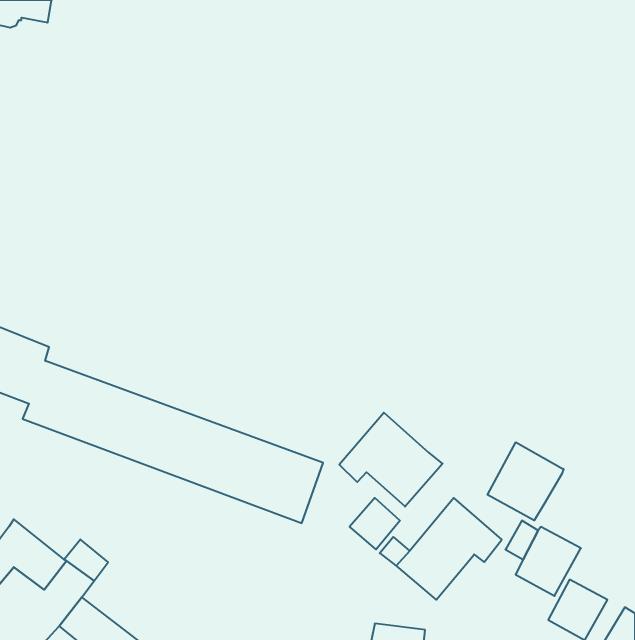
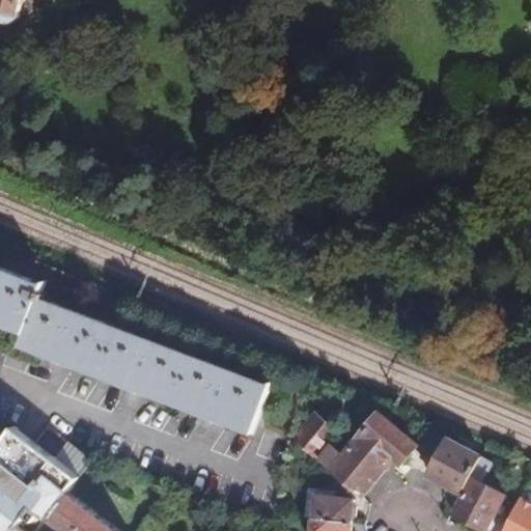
building: [339,413,443,507] -> none
building: [487,442,564,520] -> none
building: none -> [302,492,354,522]

